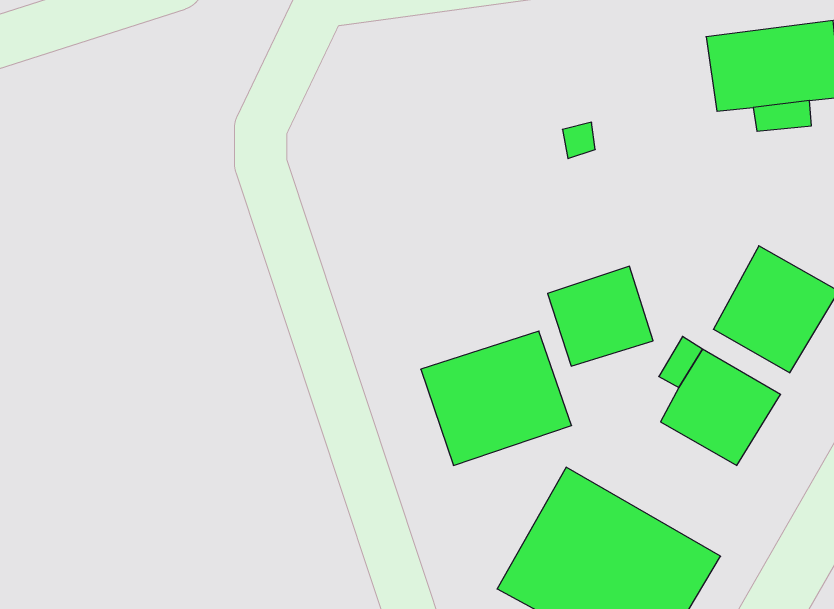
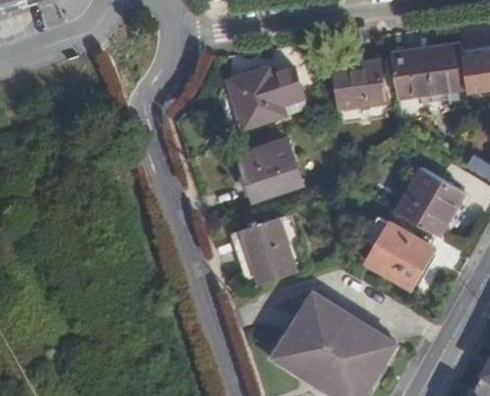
building: none -> [333,59,385,106]
building: none -> [229,67,308,127]
building: [548,266,653,366] -> [241,144,300,200]

